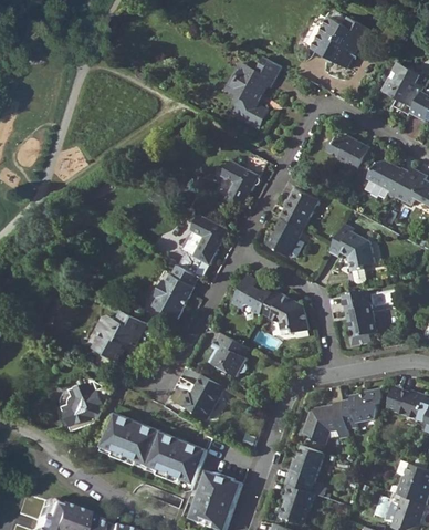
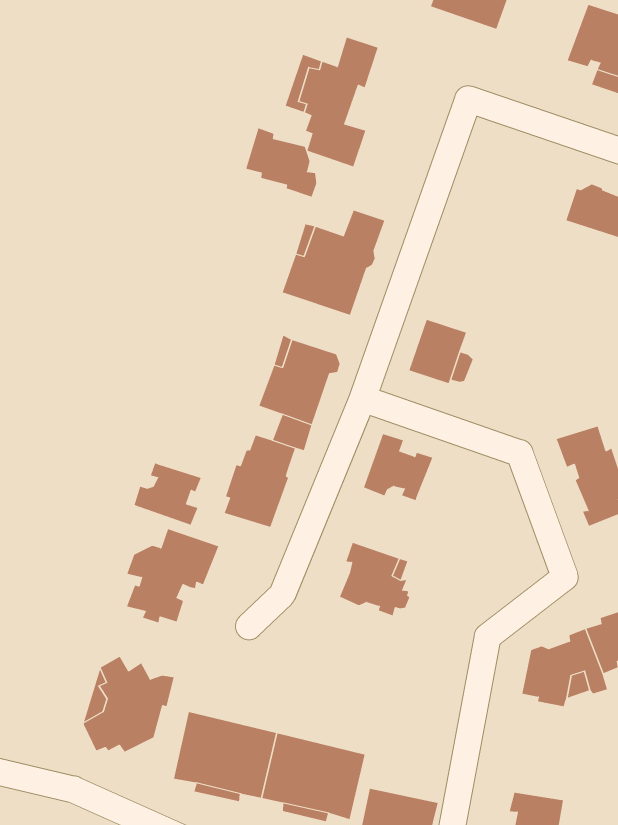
building: none -> [245,128,317,197]
building: [325,134,369,167] -> none
building: [280,188,317,229] -> none
building: [328,225,374,272] -> none
building: none -> [134,462,202,526]
building: [260,291,307,340] -> none
building: [181,374,224,418] -> none
building: [283,445,323,492] -> none

